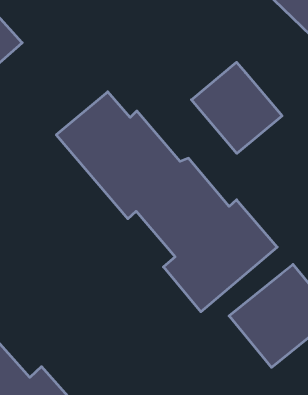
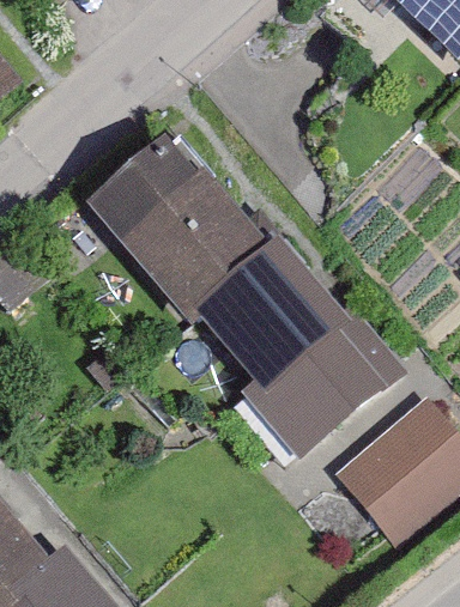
building: [191,62,282,153] -> none

